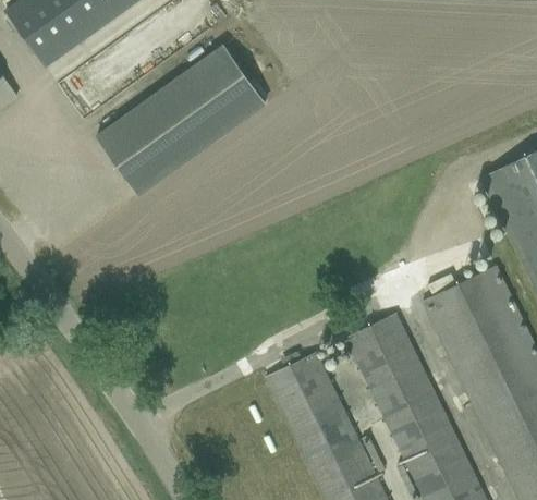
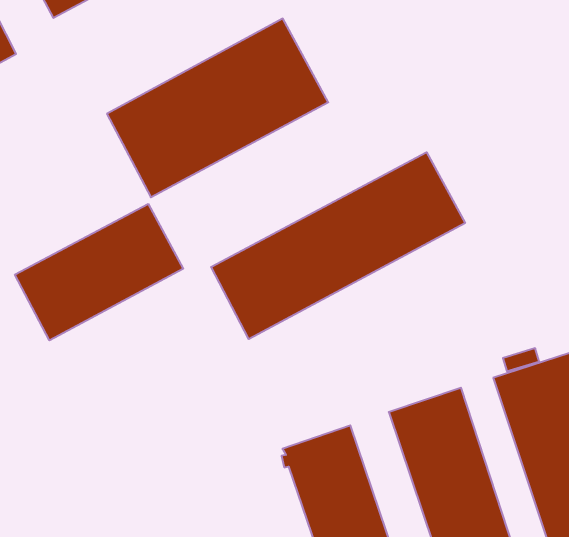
building: none -> [211,152,465,339]
building: none -> [15,204,183,340]

